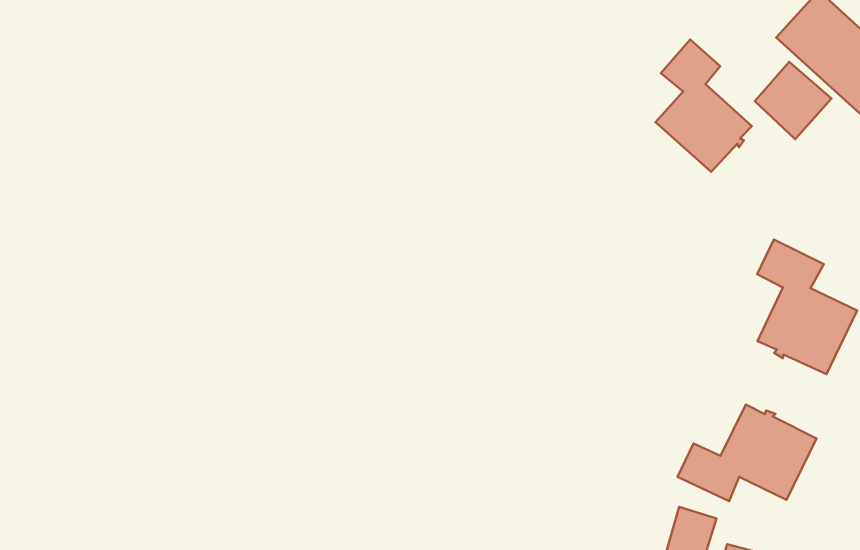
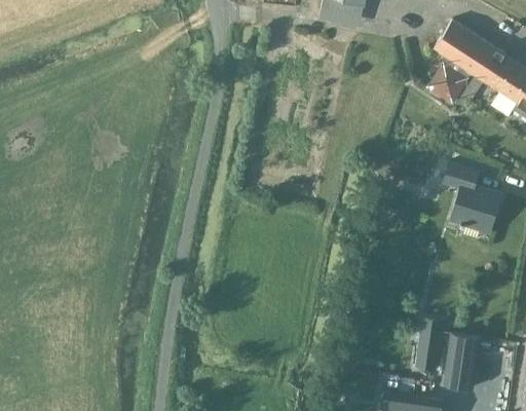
building: [655,40,752,172] -> none
building: [678,404,816,501] -> none

